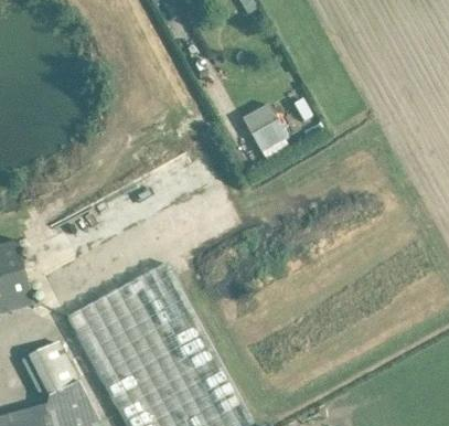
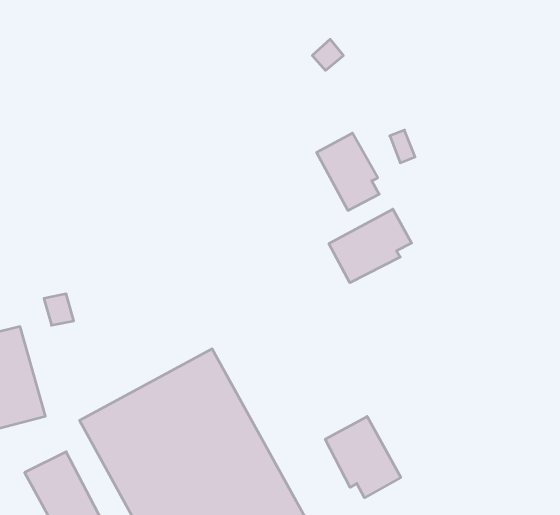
building: none -> [329,209,412,283]
building: none -> [325,416,401,498]

